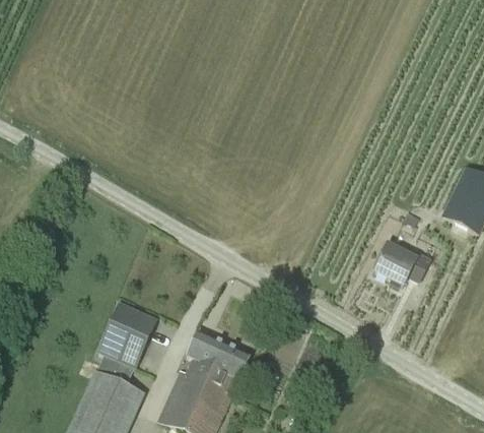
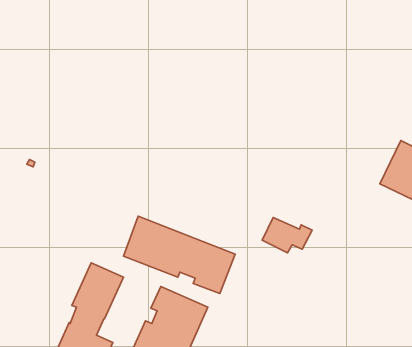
building: [374,244,430,284] -> [262,218,312,253]
building: none -> [123,216,235,294]

